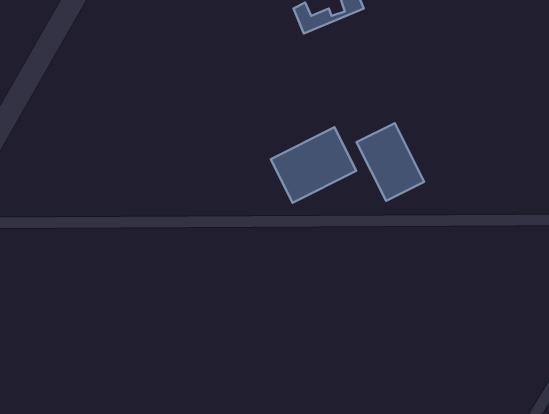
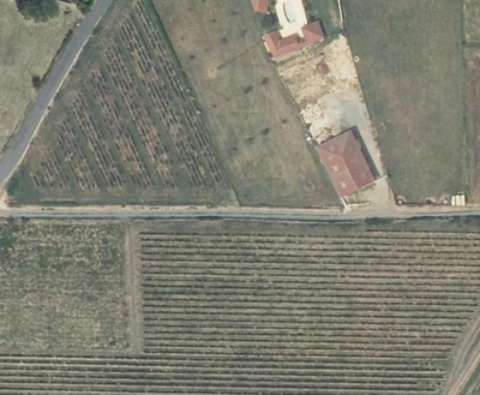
building: [271,127,356,203] -> none

